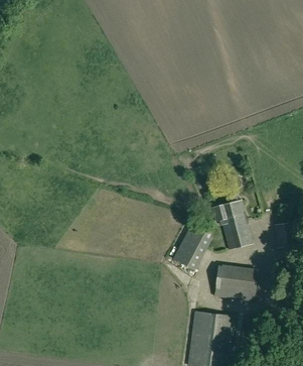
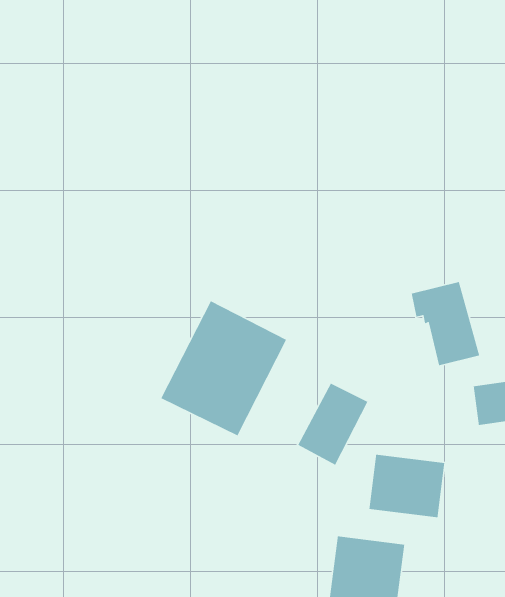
building: none -> [160,300,287,436]
building: [213,201,254,250] -> [411,281,480,366]

